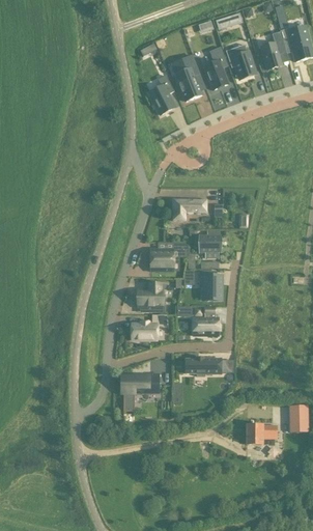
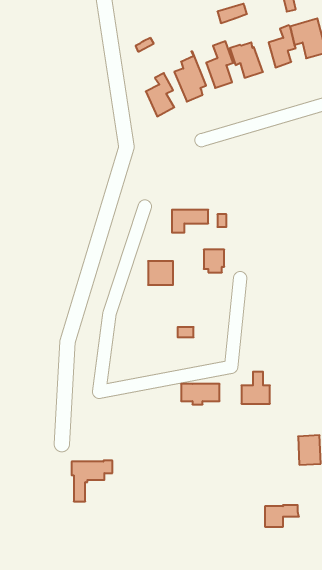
building: [200,271,221,300] -> none
building: [138,283,162,306] -> none
building: [194,305,220,334] -> [241,372,270,404]
building: [131,315,165,340] -> none
building: [121,373,159,411] -> [72,461,112,501]
building: [247,424,278,444] -> [265,505,299,527]

